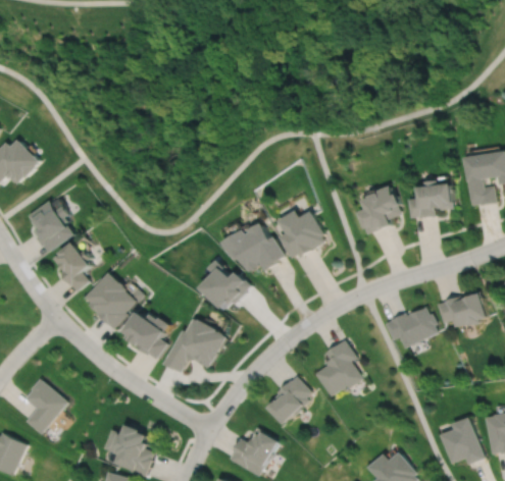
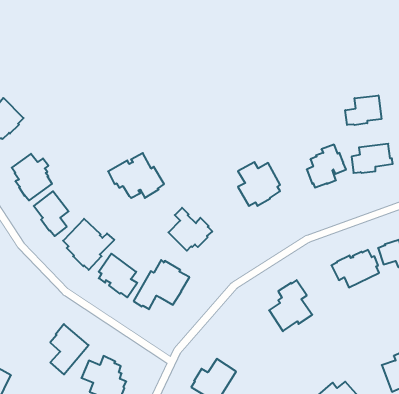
building: none -> [345,95,381,125]
building: [223,220,286,270] -> [108,153,164,198]
building: [265,376,310,423] -> none
building: [24,378,67,434] -> [50,324,89,374]

